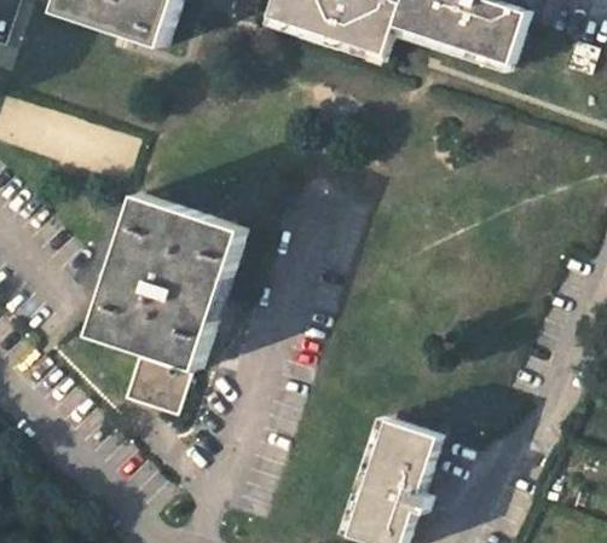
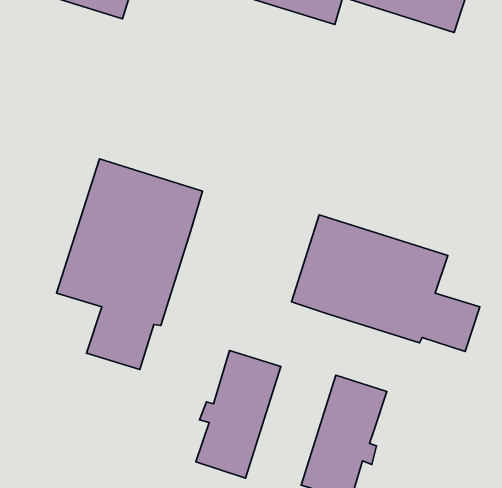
building: none -> [291,215,480,351]
building: none -> [196,350,281,478]

